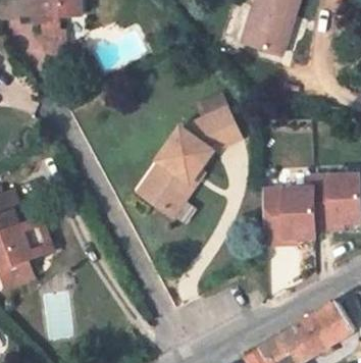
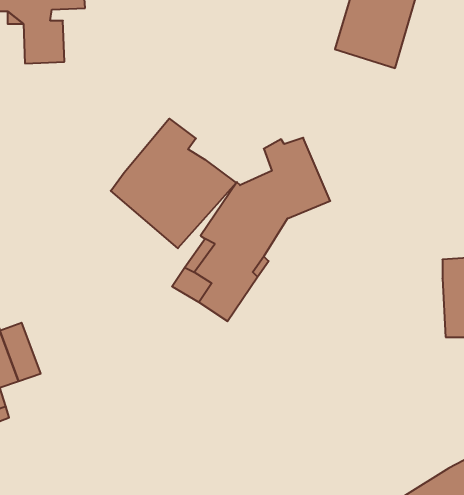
building: none -> [111,119,236,248]
building: [262,190,314,244] -> none

